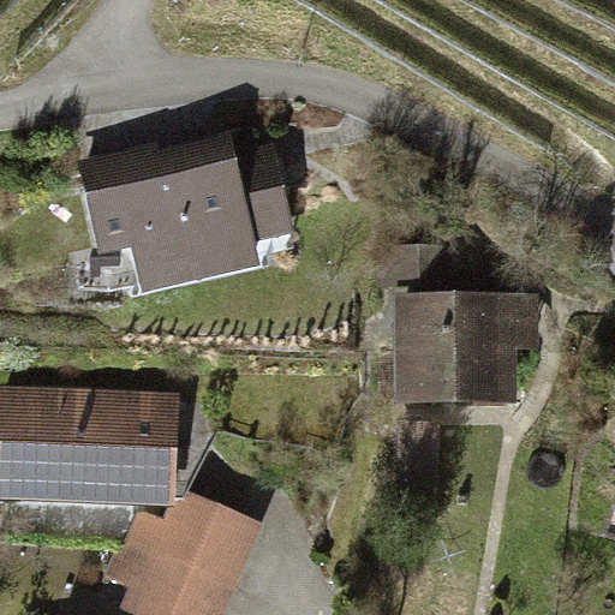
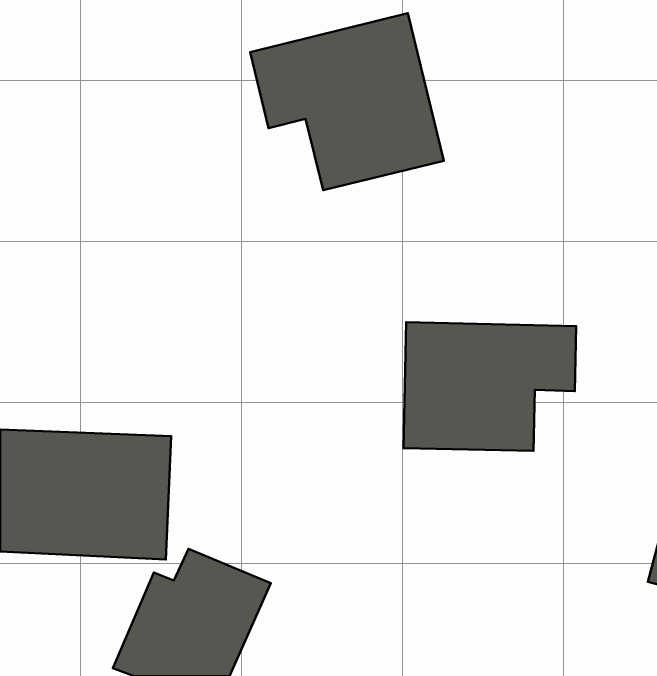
building: none -> [250,13,444,190]
building: [47,117,279,291] -> none

